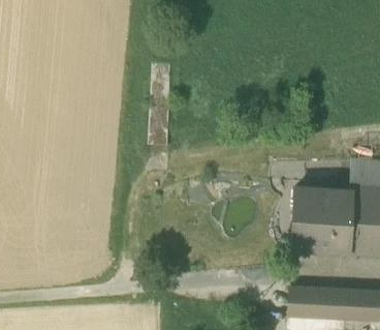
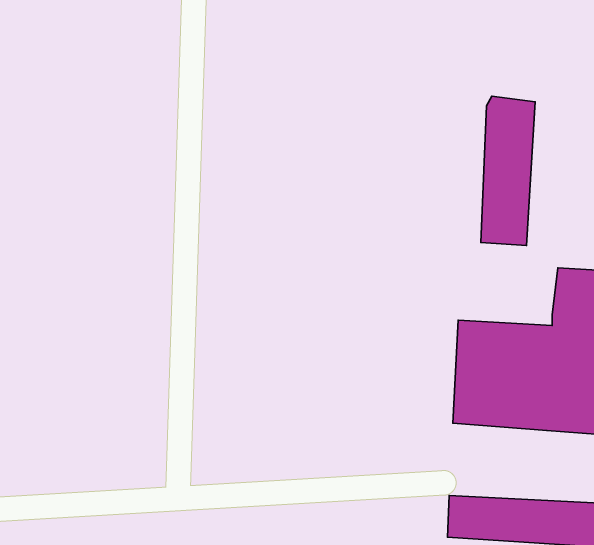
building: none -> [481,96,535,246]

